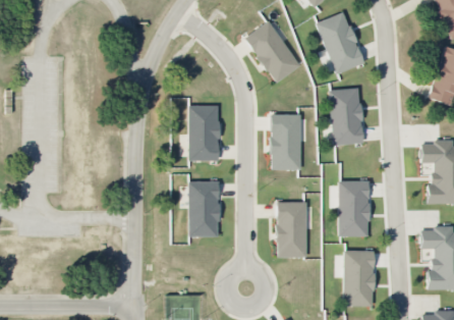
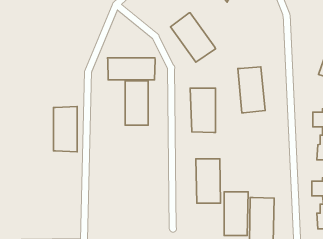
building: [317,13,364,74] -> none
building: none -> [108,58,155,80]
building: [188,181,218,237] -> [53,107,77,152]
building: [339,182,368,236] -> [224,192,248,235]

